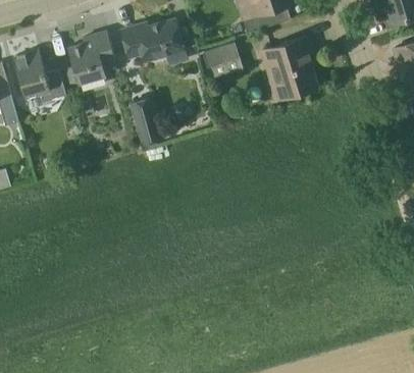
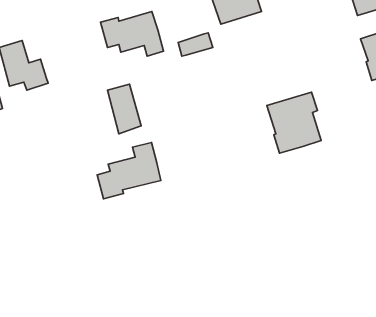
building: [66,30,116,83] -> none
building: [260,36,317,100] -> [267,92,321,153]
building: none -> [97,142,161,199]

